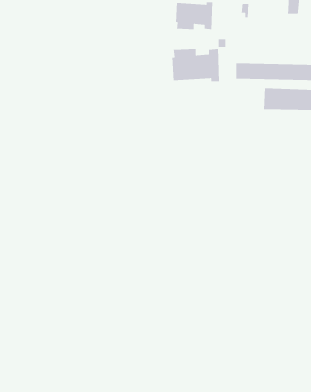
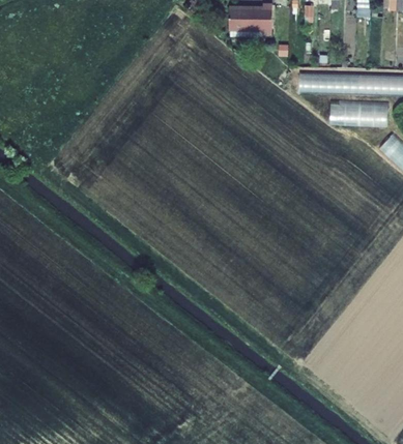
building: [172,48,220,82] -> none

